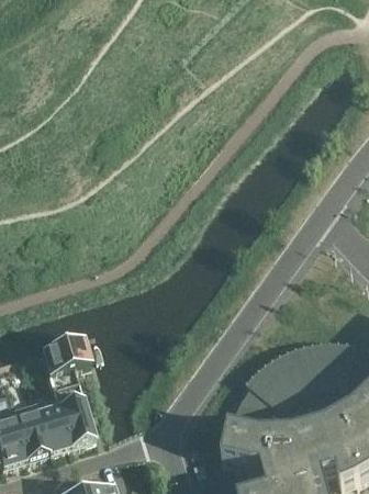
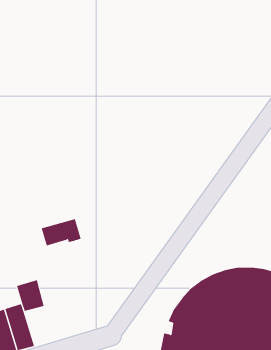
building: [42,337,92,371] -> [41,219,82,246]
building: [58,396,97,446] -> none

